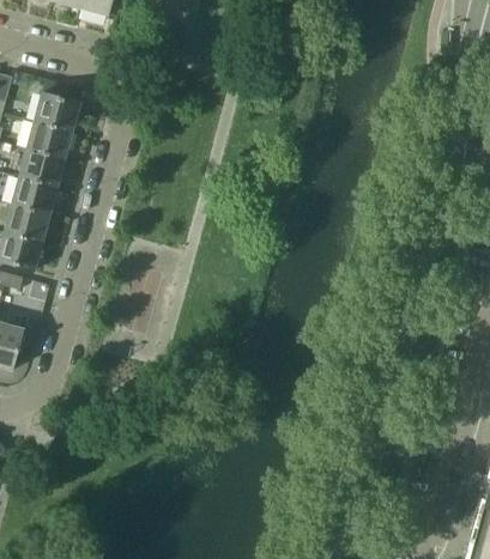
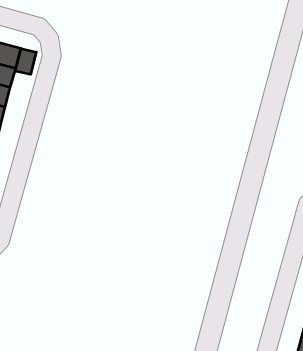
building: none -> [15,48,36,74]

